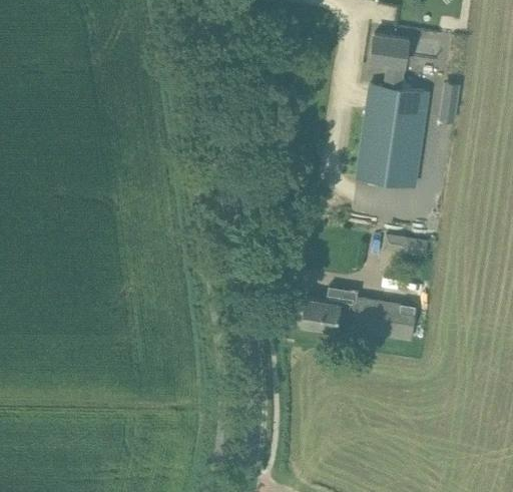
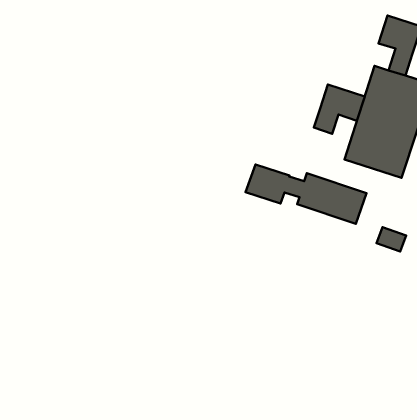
building: none -> [314,85,365,134]
building: [301,298,416,338] -> [245,164,367,224]

